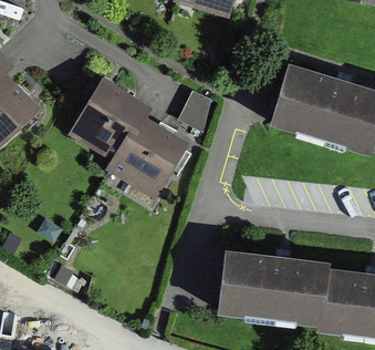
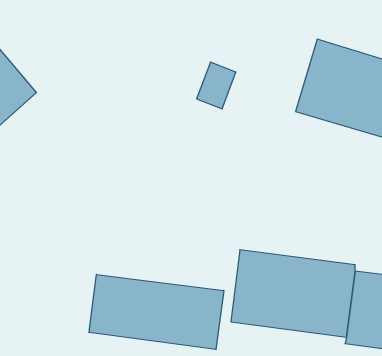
building: [70,76,189,203] -> none
building: none -> [89,274,224,350]

